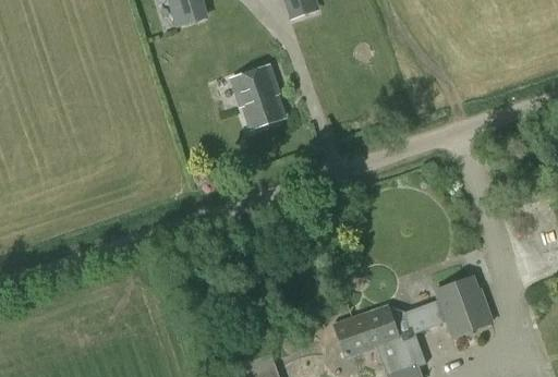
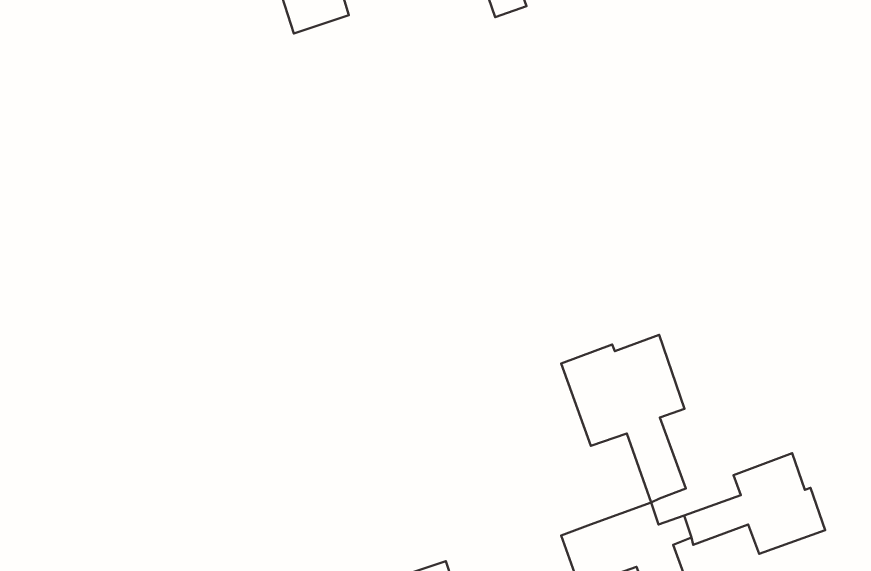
building: [232,65,283,130] -> none
building: none -> [561,335,686,503]

